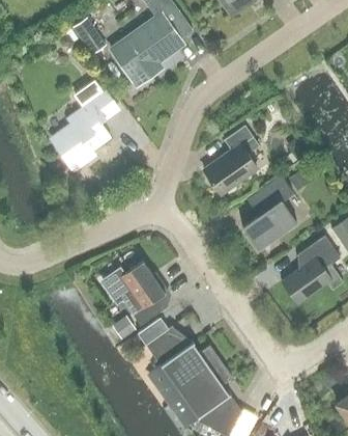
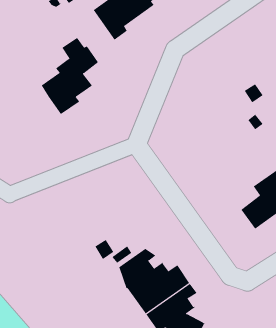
building: [204,126,259,193] -> none
building: [242,176,296,249] -> none
building: [100,261,168,326] -> none

